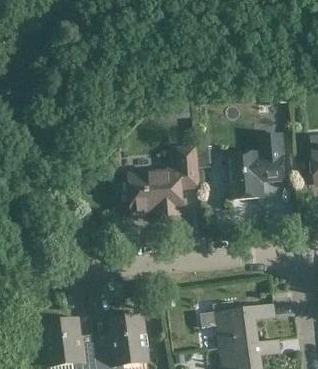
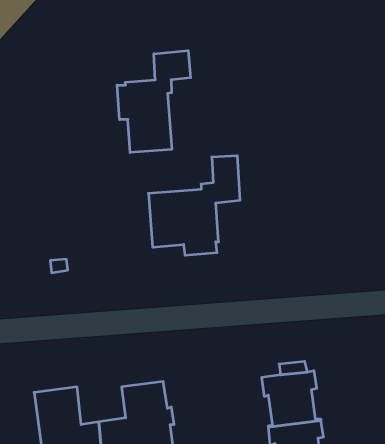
building: none -> [117,51,191,153]
building: [225,134,284,200] -> none

